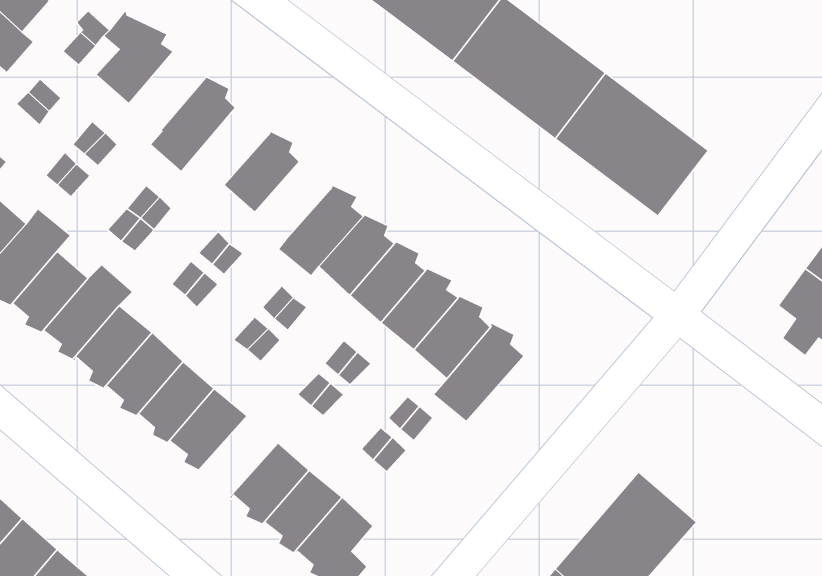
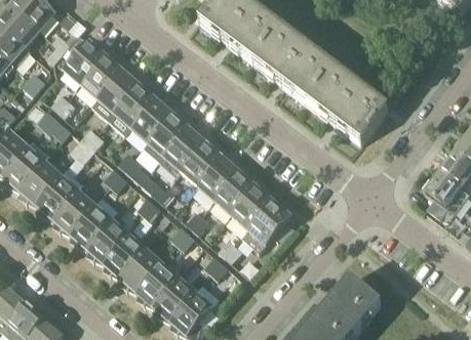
building: none -> [81,53,121,96]
building: none -> [109,82,155,132]
building: none -> [148,111,188,154]
building: none -> [118,247,160,290]

